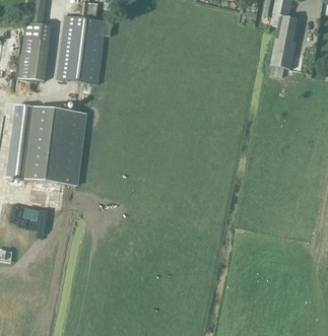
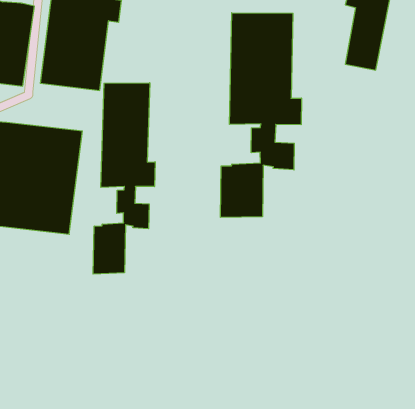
building: none -> [221,13,301,217]
building: none -> [93,83,155,274]

